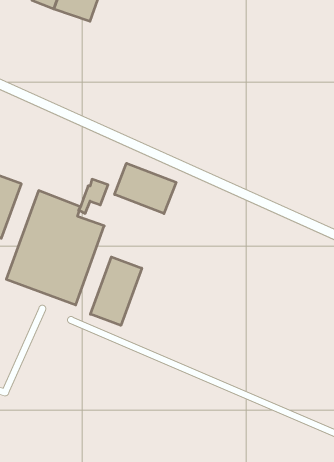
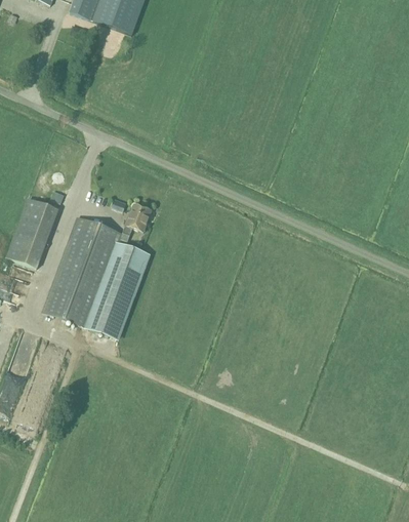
building: [115,163,176,214] -> none
building: [90,257,142,325] -> none

